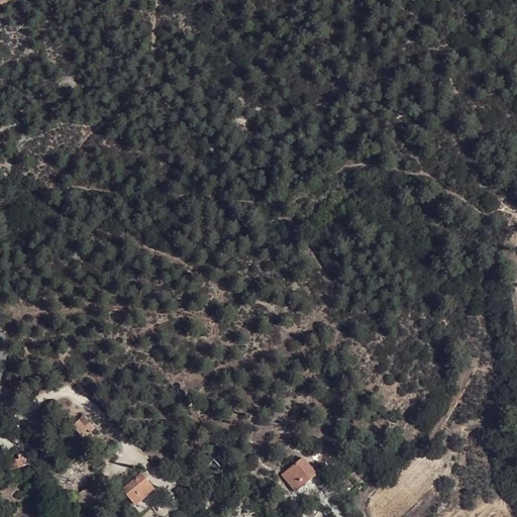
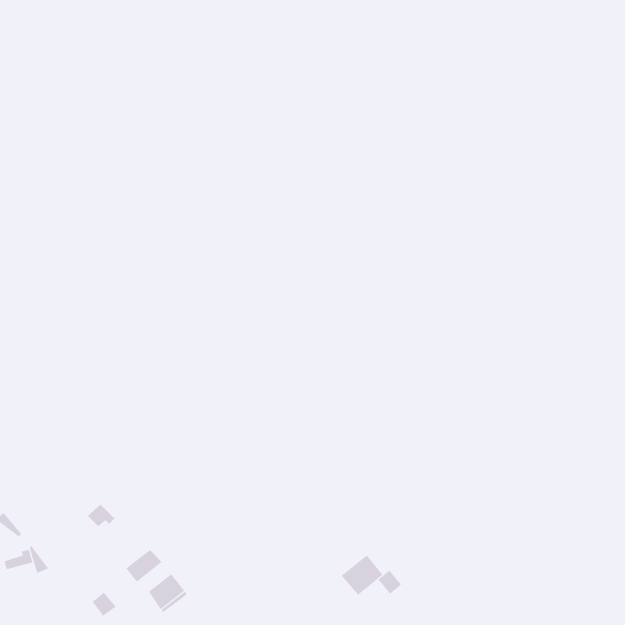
building: none -> [126,549,163,582]

